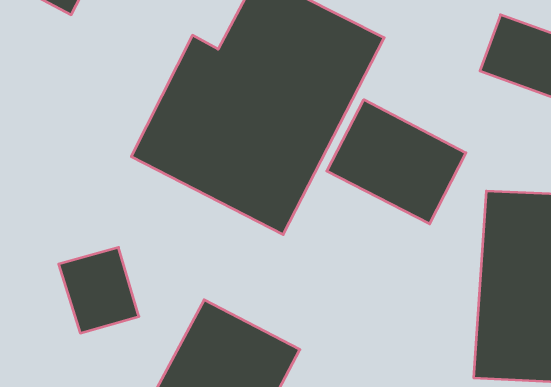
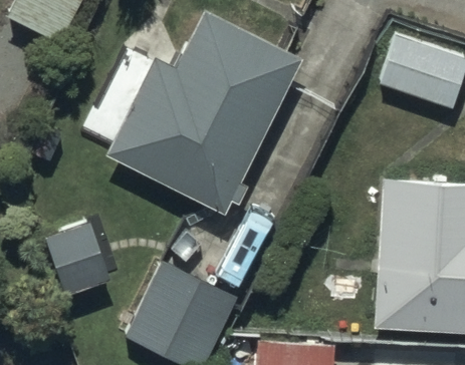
building: [327,100,466,224] -> none

